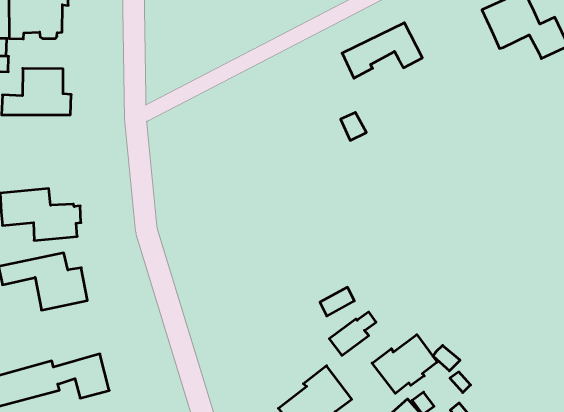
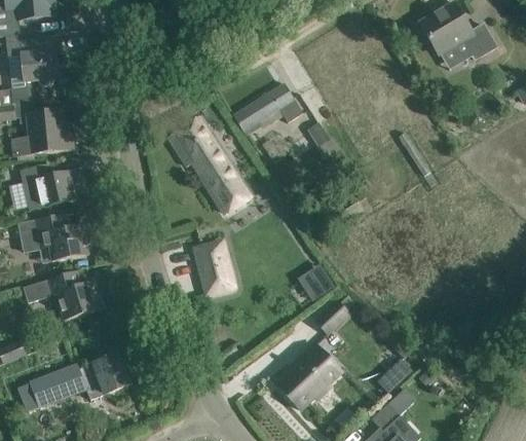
building: [342,23,422,78] -> [232,84,302,137]
building: none -> [166,115,253,215]
building: none -> [20,164,76,211]
building: none -> [193,240,232,295]
building: [372,335,437,393] -> none

